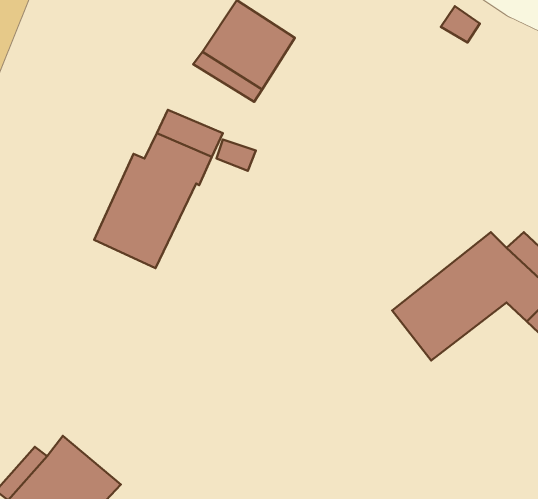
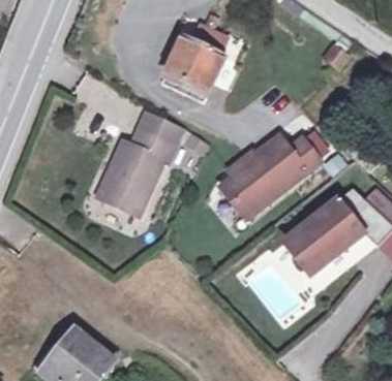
building: none -> [221,135,319,216]

